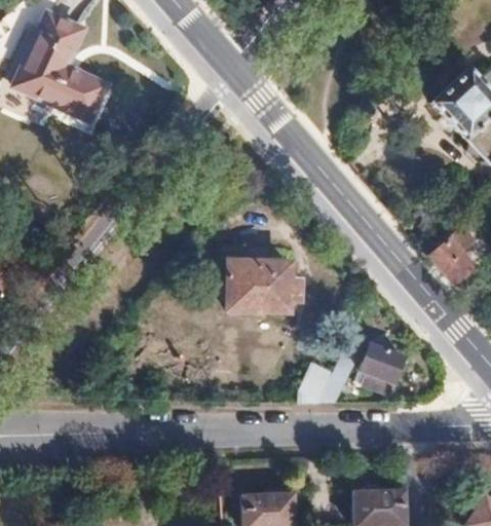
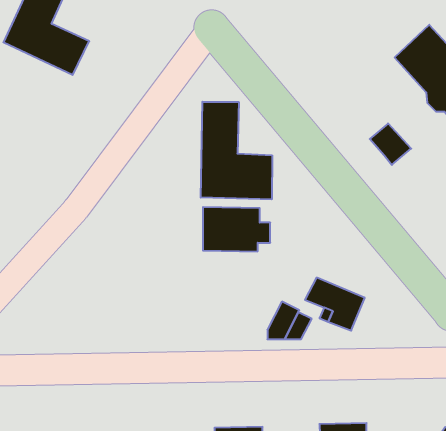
building: none -> [201,102,272,199]
building: [432,239,477,284] -> [370,123,411,165]

